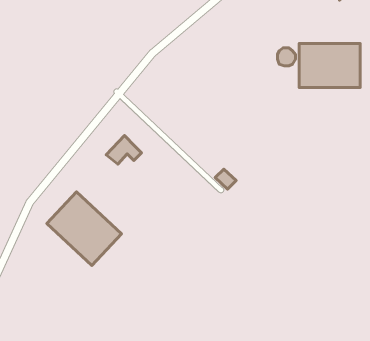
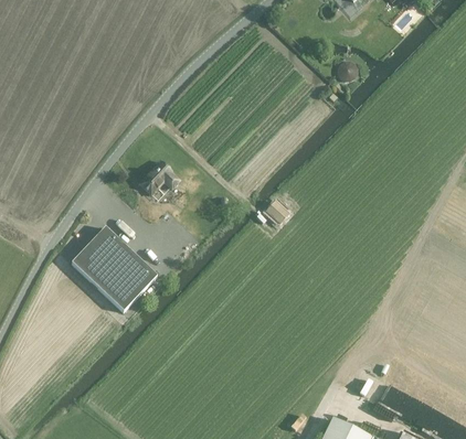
building: [299,43,360,87] -> none

